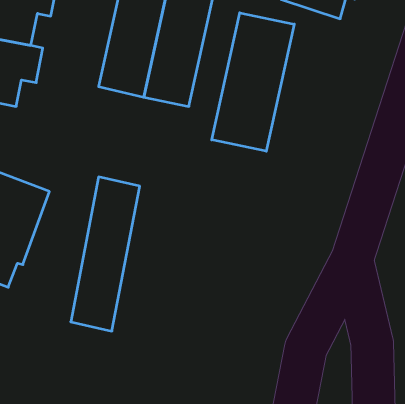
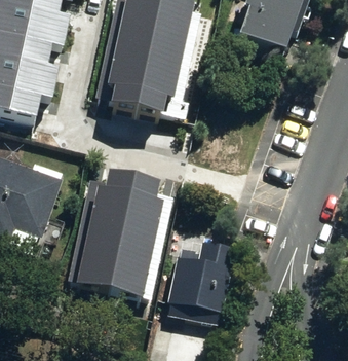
building: [212,13,294,151] -> none
building: none -> [110,176,164,294]
building: none -> [167,239,232,320]

